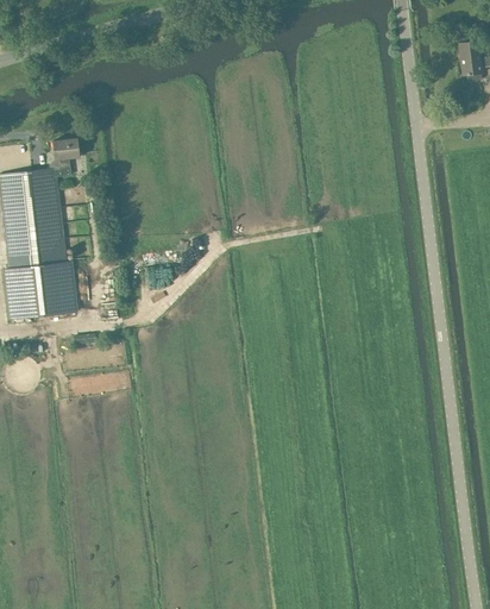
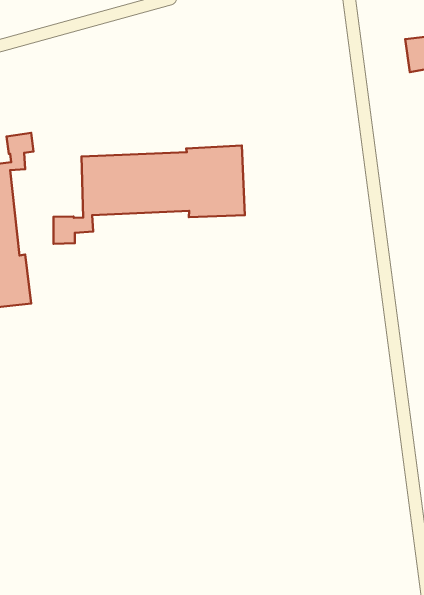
building: none -> [53,145,245,244]

